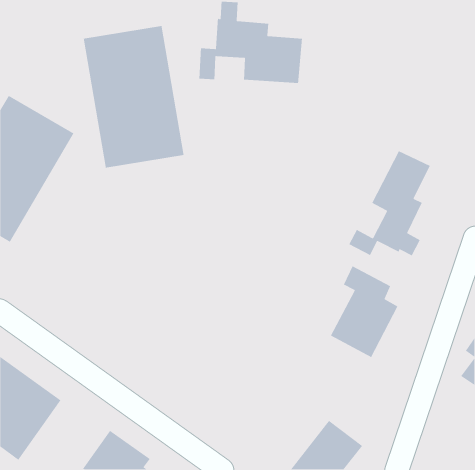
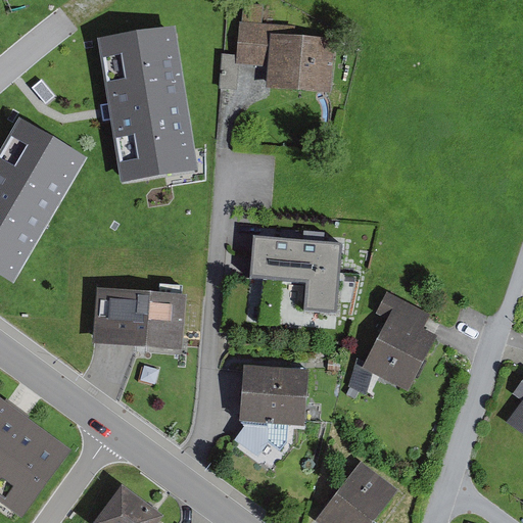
building: [348,150,431,256] -> none
building: none -> [250,242,342,316]
building: none -> [92,290,185,353]
building: none -> [233,370,308,455]

